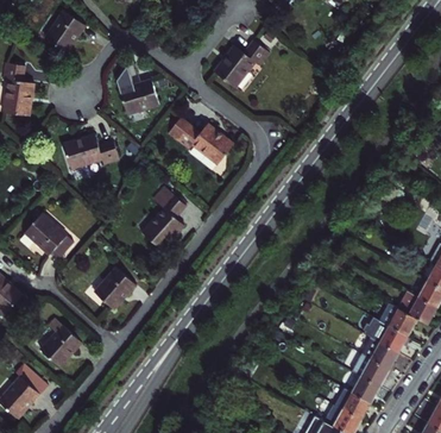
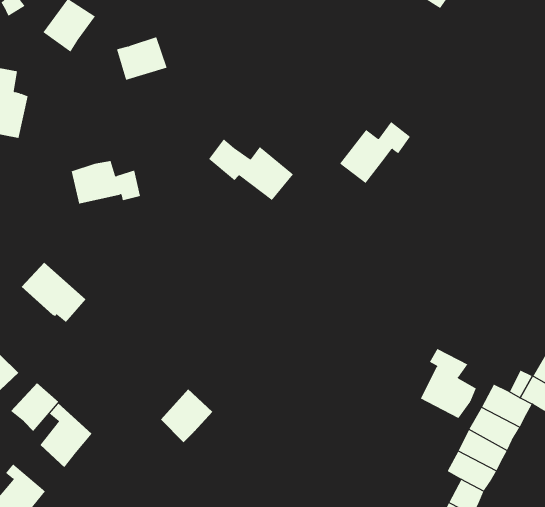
building: [215,40,270,88] -> [339,121,411,184]
building: [118,81,157,114] -> [116,37,168,80]
building: [143,190,185,249] -> none
building: [94,268,134,309] -> [160,388,213,443]
building: none -> [420,348,476,419]
building: none -> [10,382,59,432]

